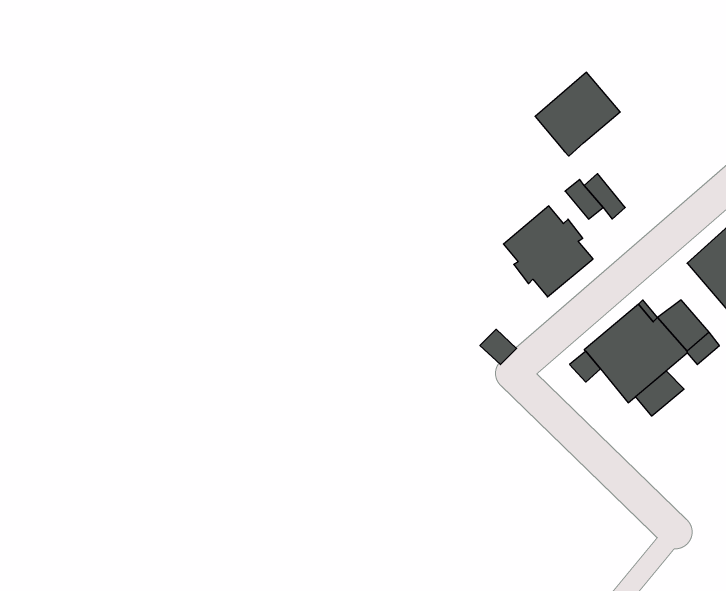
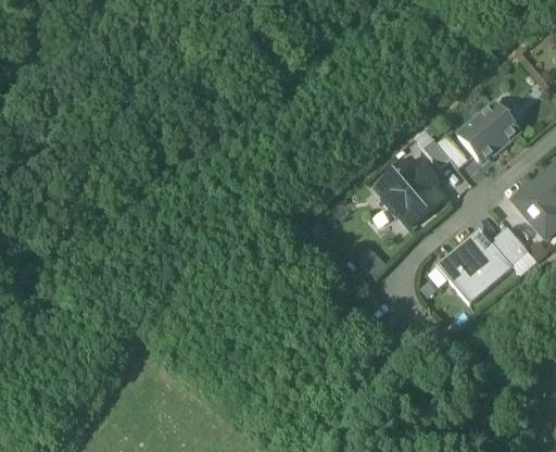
building: [535,72,620,156] -> [457,101,520,163]
building: [635,371,684,416] -> none

